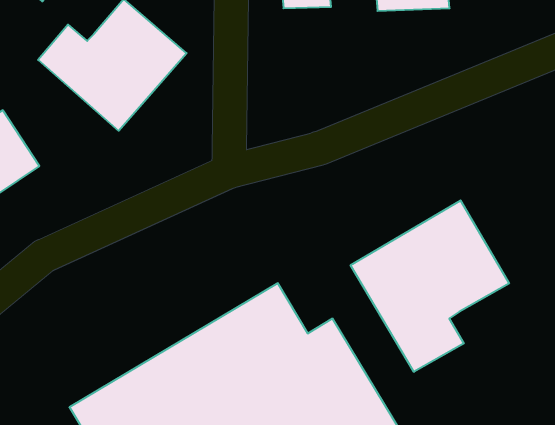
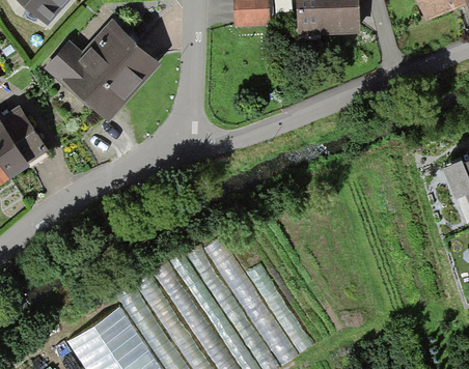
building: [351,200,509,372] -> none

